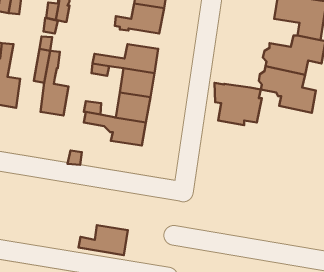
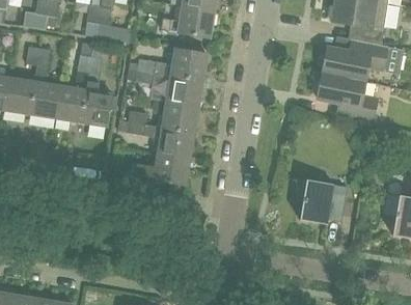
building: none -> [54,86,84,121]
building: [214,83,262,125] -> [295,178,346,224]
building: [78,225,128,255] -> [136,152,189,185]

